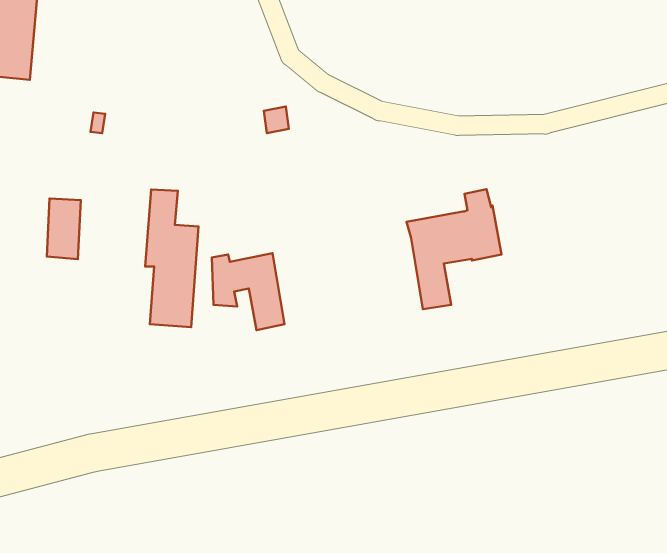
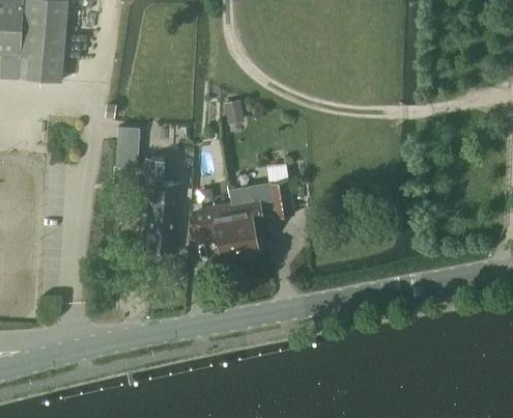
building: [407,189,501,309] -> [228,170,294,254]
building: [47,199,81,259] -> [116,129,140,171]

